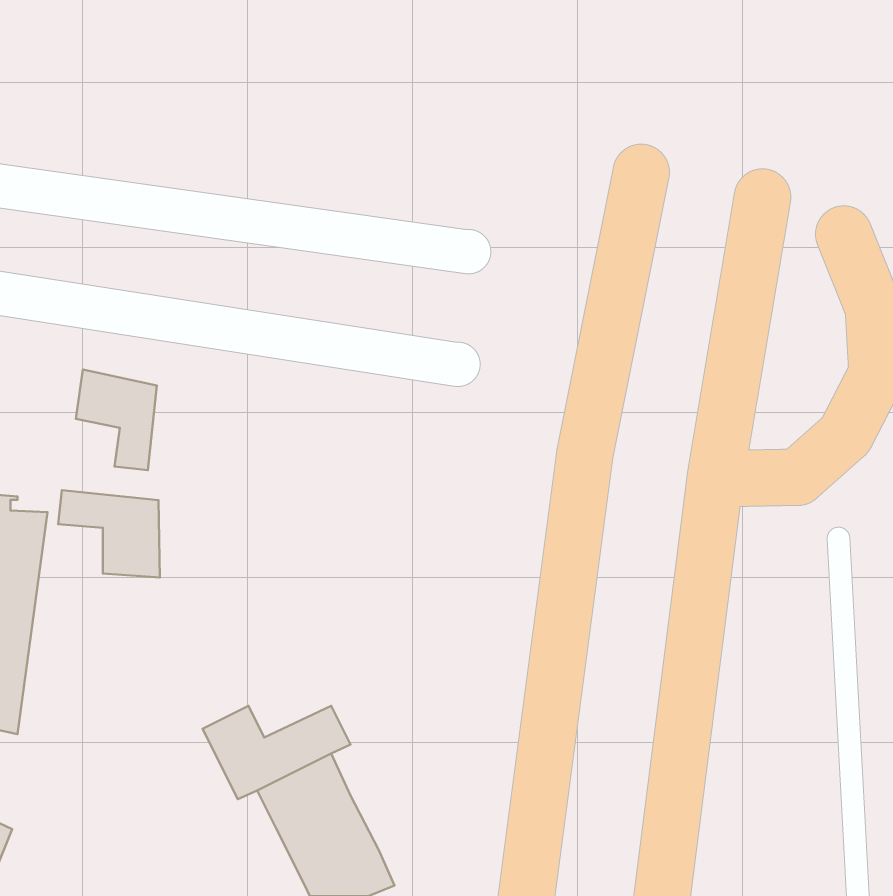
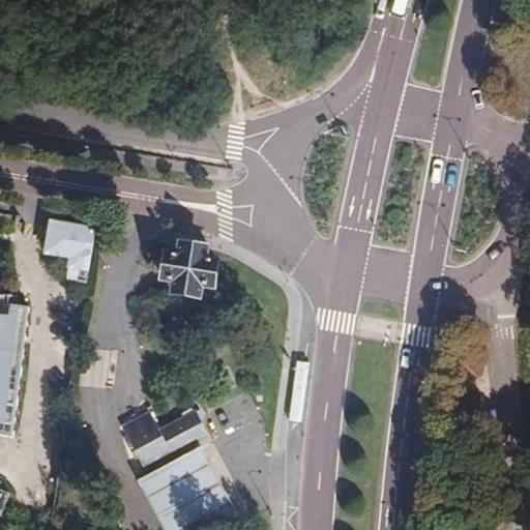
building: none -> [155,244,210,298]
building: [58,490,160,578] -> none

